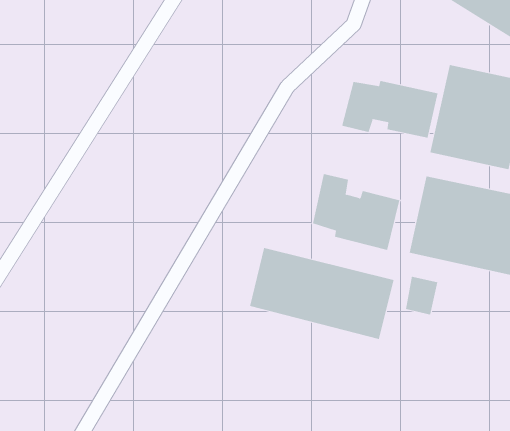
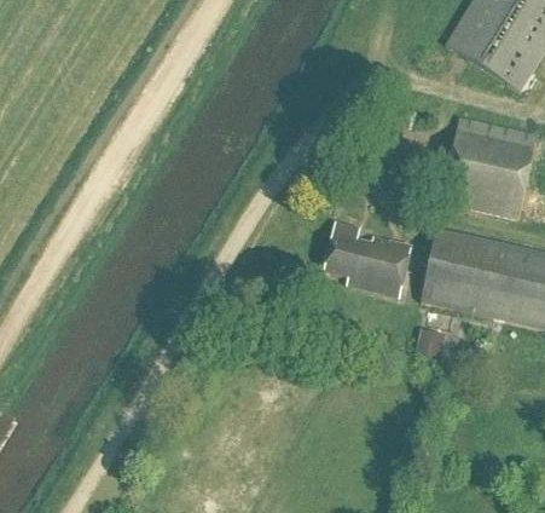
building: [341,80,438,139] -> none
building: [249,247,394,340] -> none

